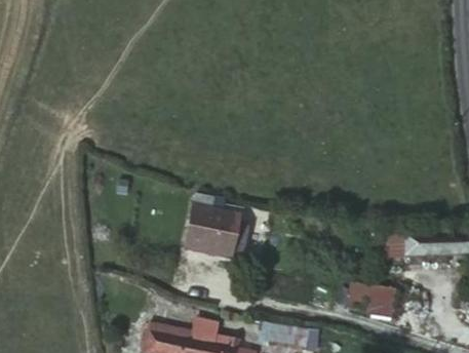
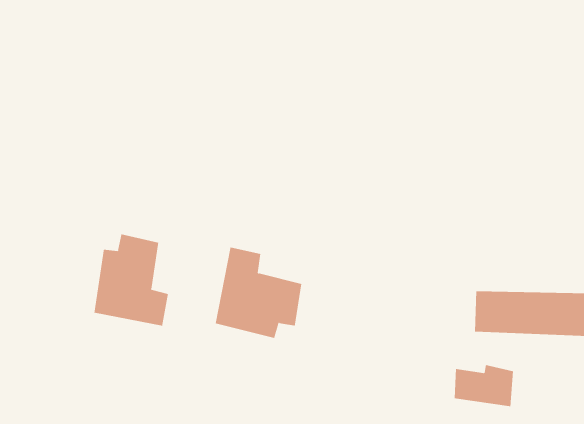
building: none -> [94,233,169,327]

